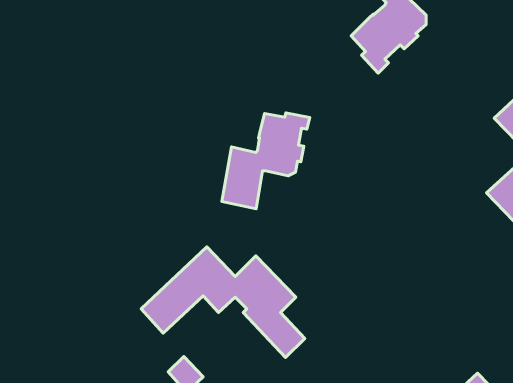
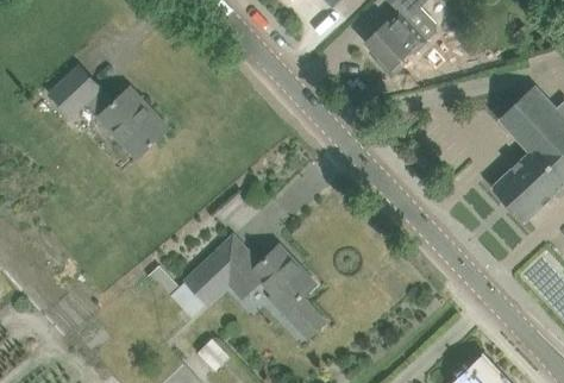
building: none -> [48,65,168,158]
building: [222,113,310,209] -> none

